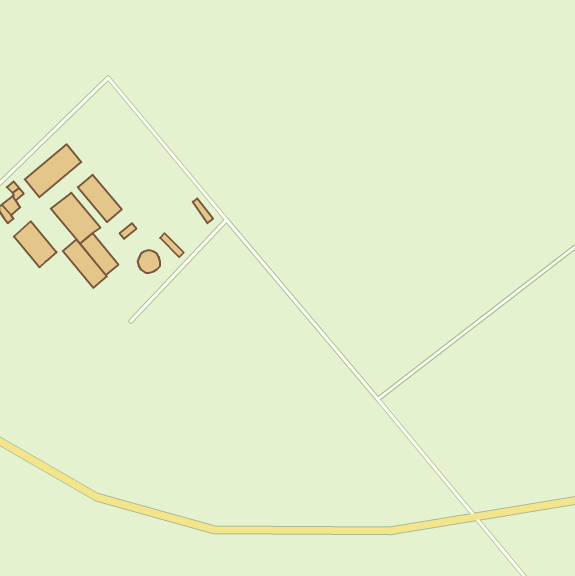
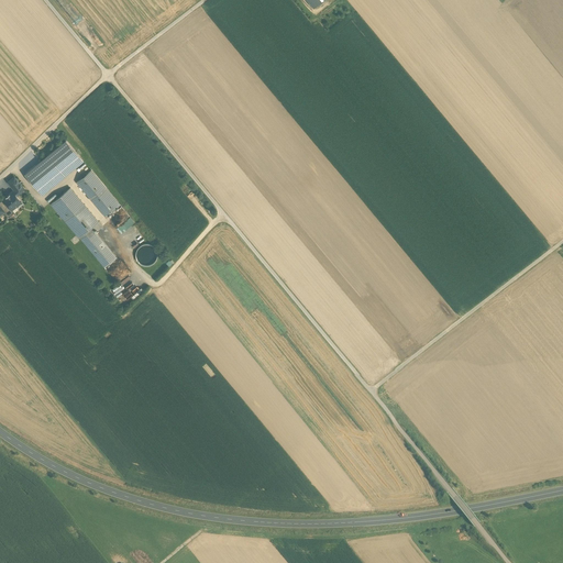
building: [14,221,57,267] -> none
building: [63,239,107,288] -> none

